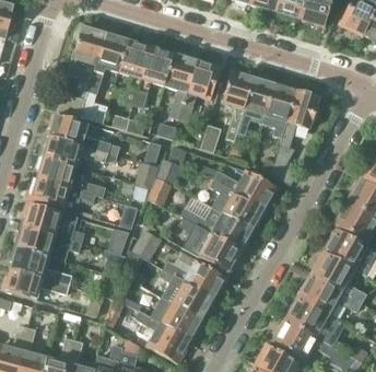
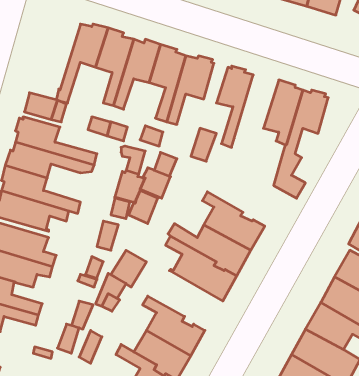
building: [68,25,105,92] -> none
building: [237,79,275,137] -> none
building: [214,171,275,209] -> none
building: [163,260,225,299] -> none

